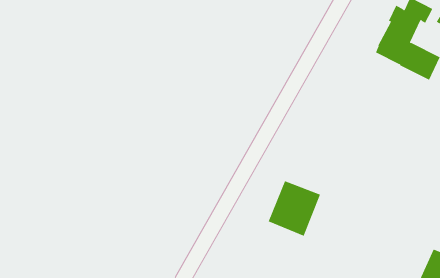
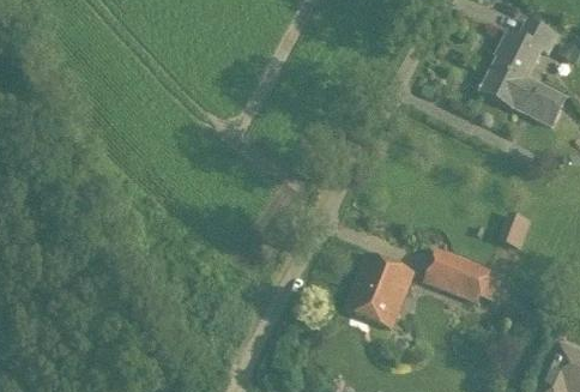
building: none -> [497,212,531,248]
building: none -> [423,247,503,302]

